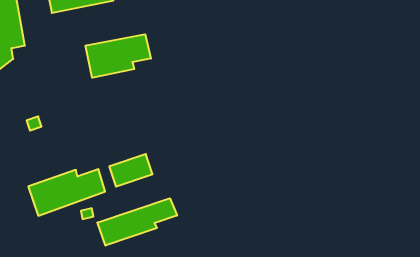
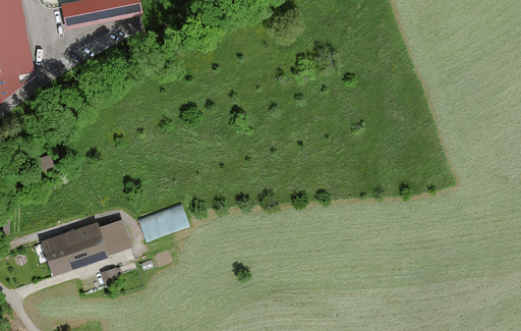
building: [85,34,151,78] -> none
building: [97,198,177,246] -> none

